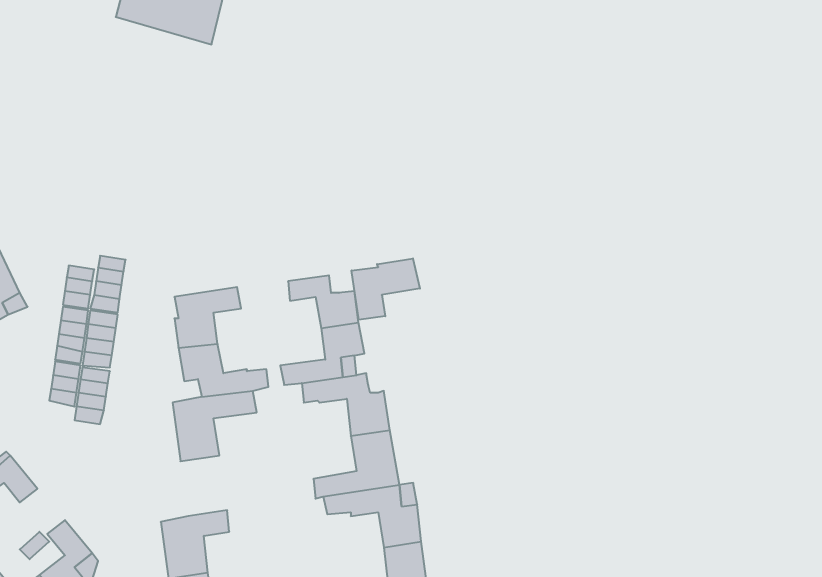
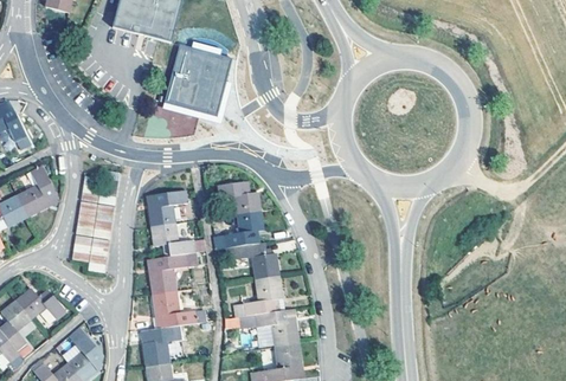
building: none -> [165,45,231,115]
building: [352,258,420,320] -> none
building: none -> [152,291,206,328]

